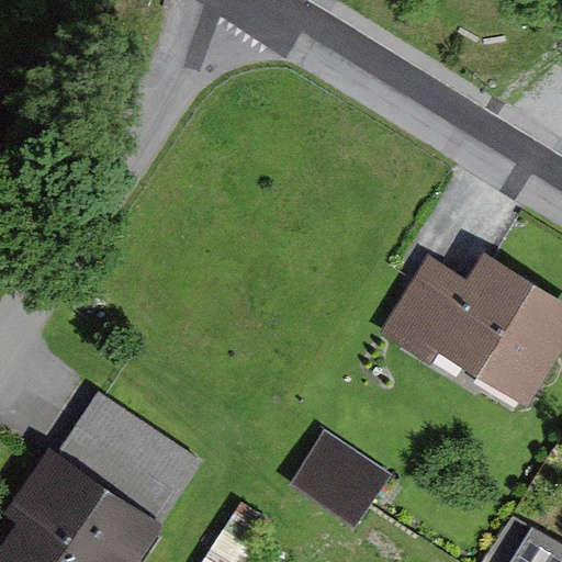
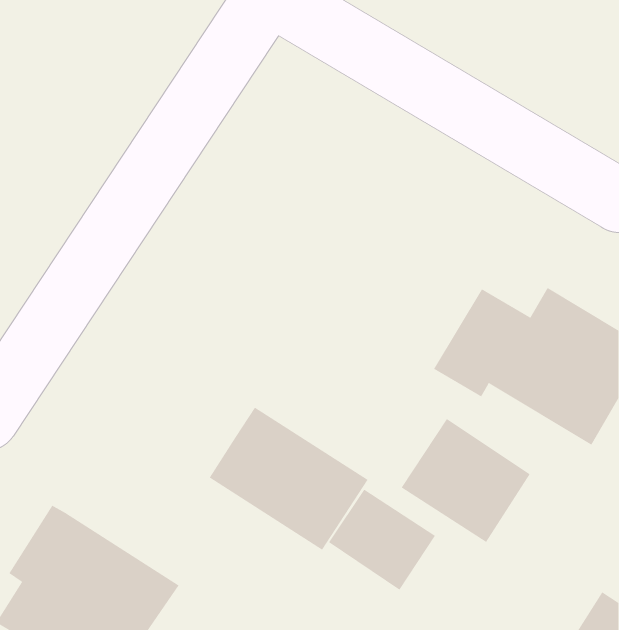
building: none -> [401,418,531,543]
building: [58,394,200,521] -> [209,407,368,551]

